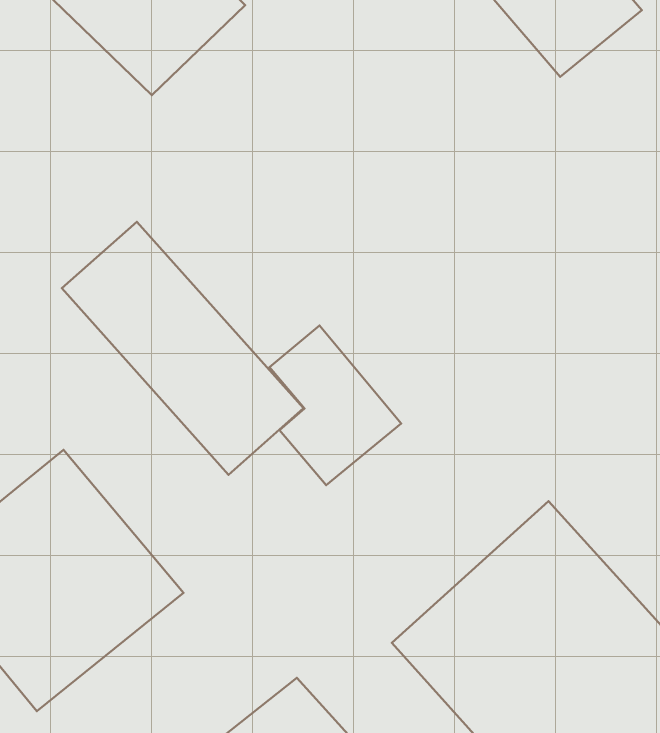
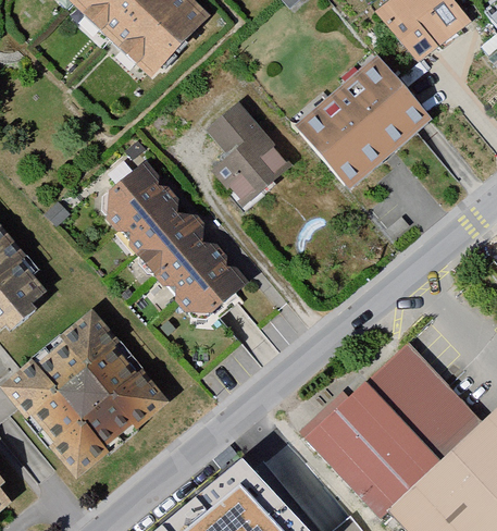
building: none -> [293,55,432,192]
building: [269,325,401,485] -> [207,101,293,206]

